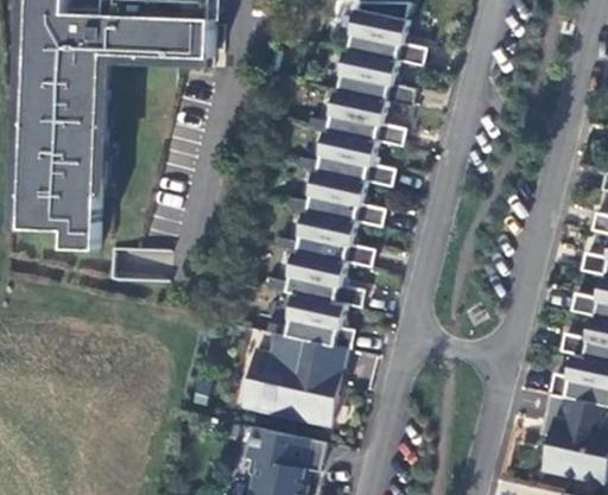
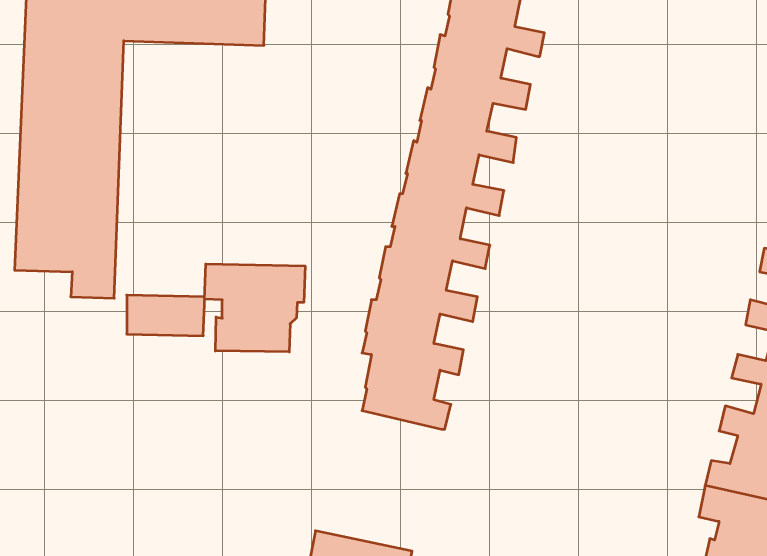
building: none -> [205,264,305,352]
building: [241,334,347,426] -> none

